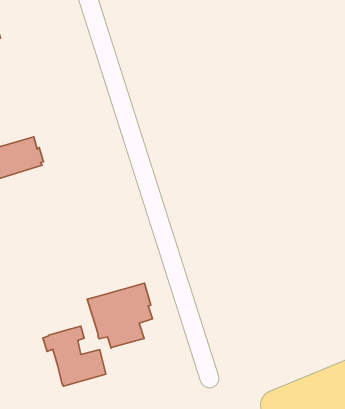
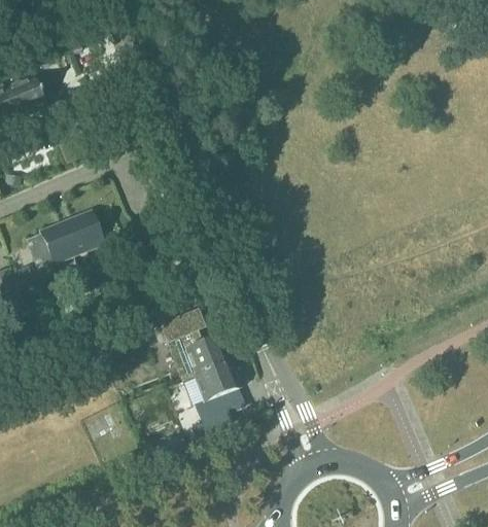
building: [43,326,106,386] -> [156,311,231,380]

